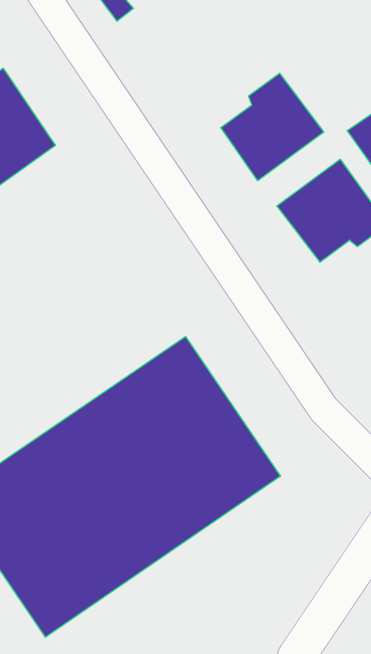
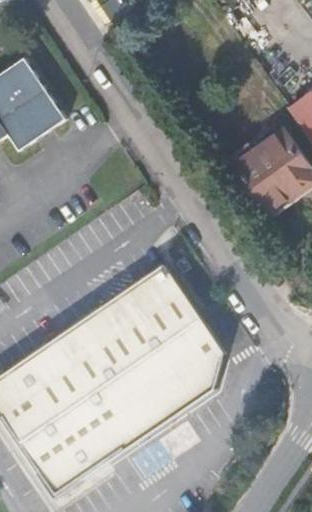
building: [221,73,324,181] -> none

